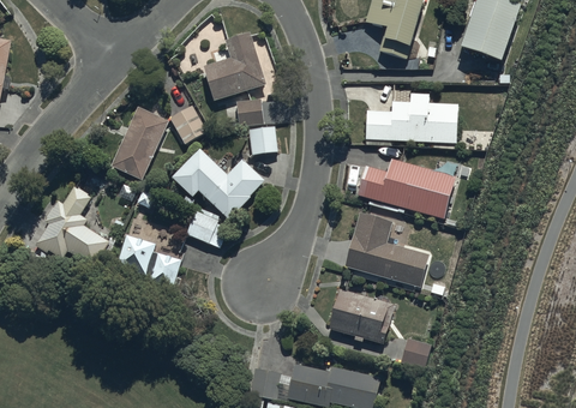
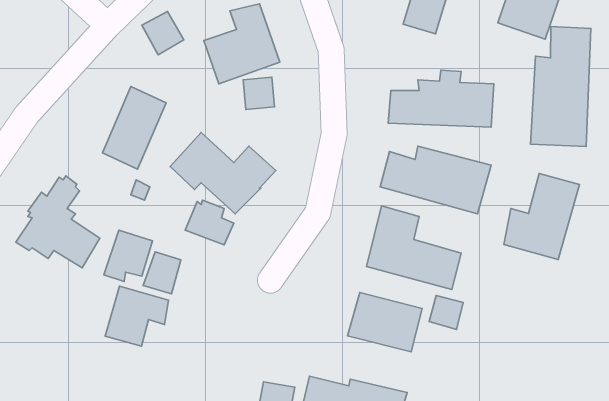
building: none -> [530,26,591,146]
building: [169,104,206,143] -> [142,11,184,55]
building: [247,125,277,154] -> none
building: none -> [504,174,579,259]
building: none -> [105,286,169,346]
building: [400,337,430,367] -> [429,296,463,329]

